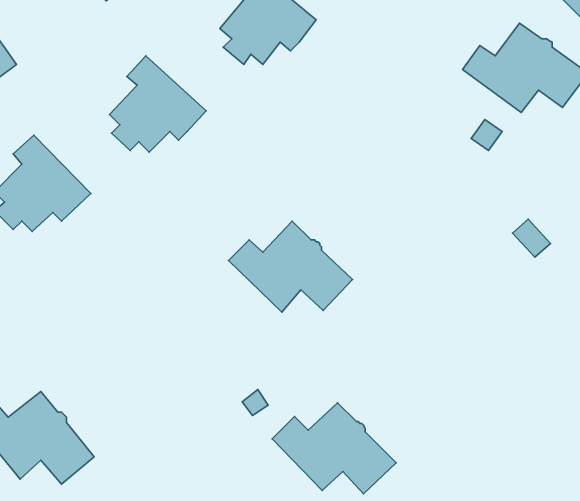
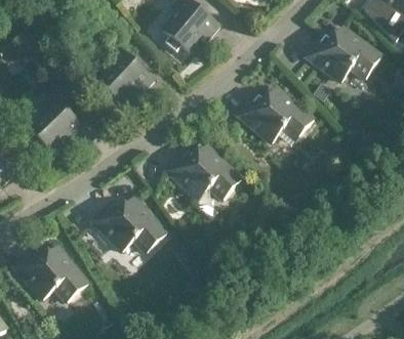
building: none -> [238,88,312,141]
building: [272,403,396,494] -> [91,198,165,252]

